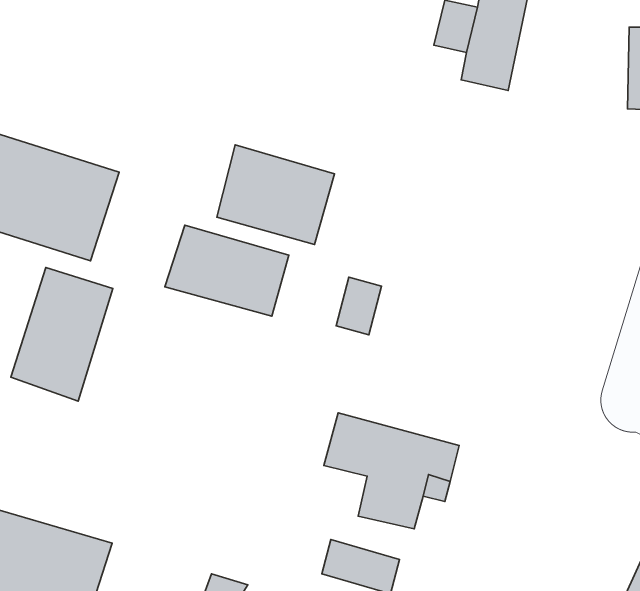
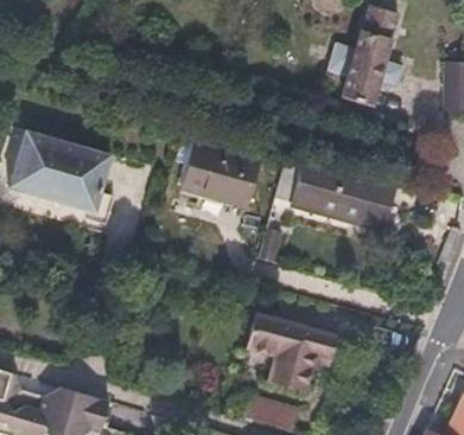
building: none -> [274,153,399,231]
building: [165,225,289,316] -> none
building: [11,267,113,401] -> none

